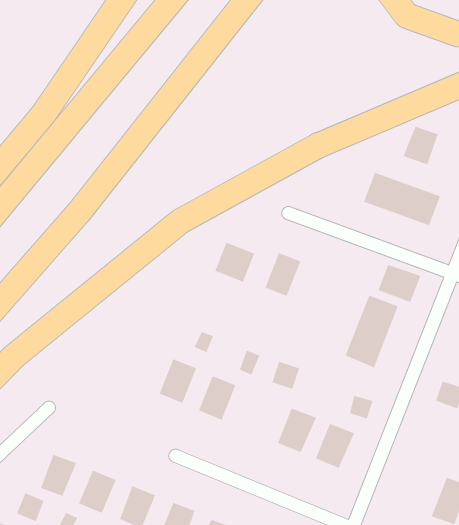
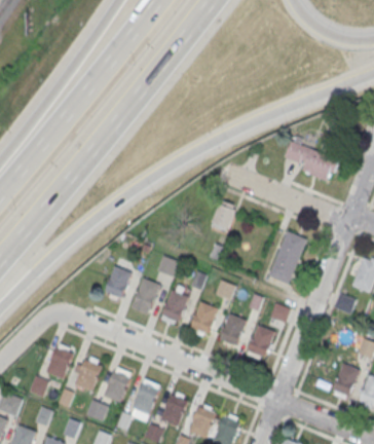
building: [403,126,439,165] -> none
building: [214,242,255,282] -> none
building: [378,264,421,303] -> none
building: none -> [103,265,130,298]
building: none -> [189,301,218,334]

